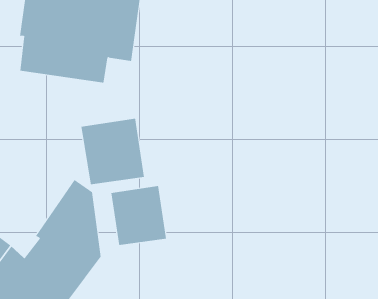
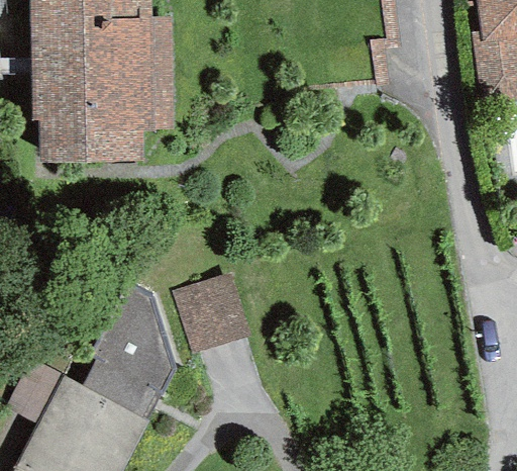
building: [81,118,144,185] -> none

